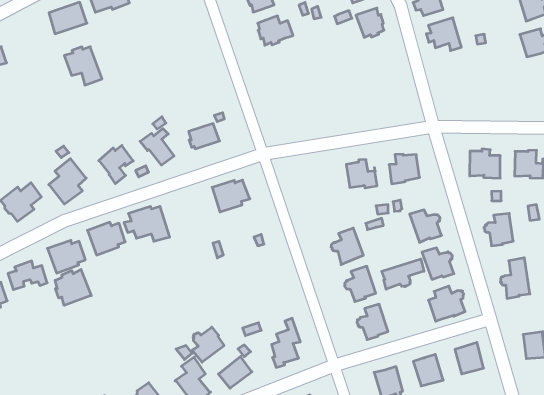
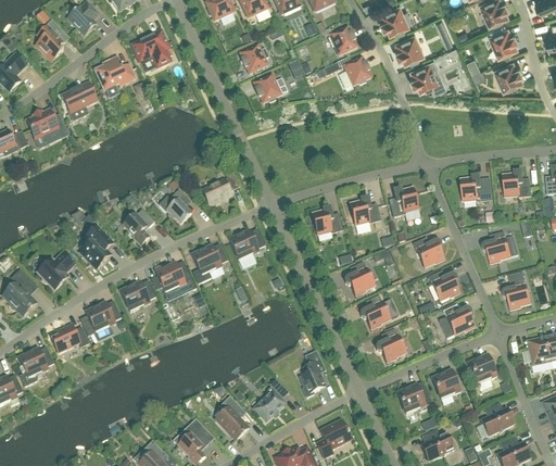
building: [64,47,102,85] -> [26,109,63,144]
building: none -> [312,206,343,234]
building: none -> [191,243,227,282]
building: [382,259,424,289] -> none
building: [55,269,91,305] -> none
building: [192,327,224,362] -> none

